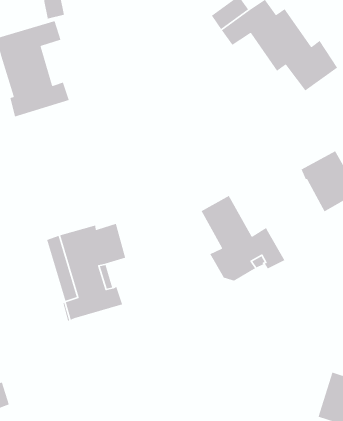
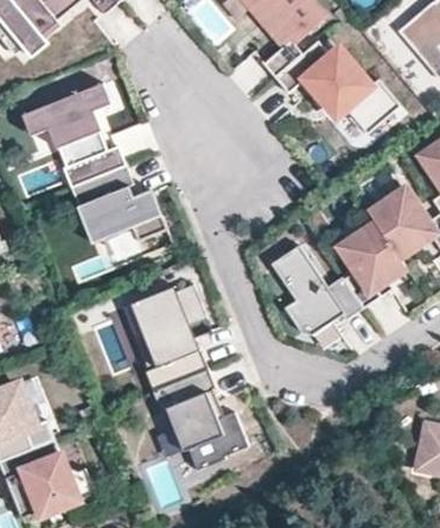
building: none -> [71,164,166,236]
building: none -> [343,224,406,310]
building: none -> [152,368,247,470]

